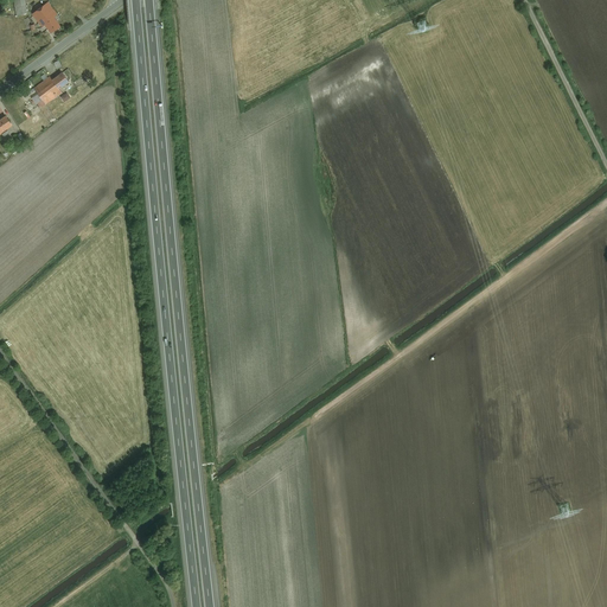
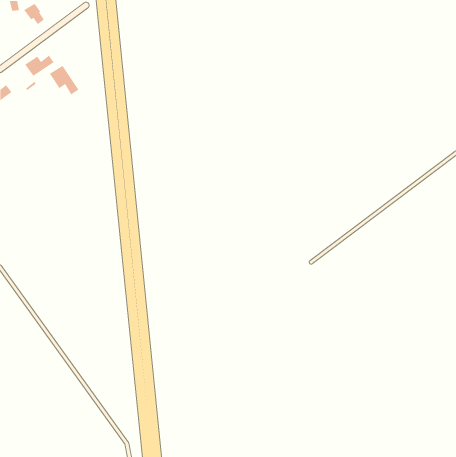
building: none -> [49,65,80,96]

